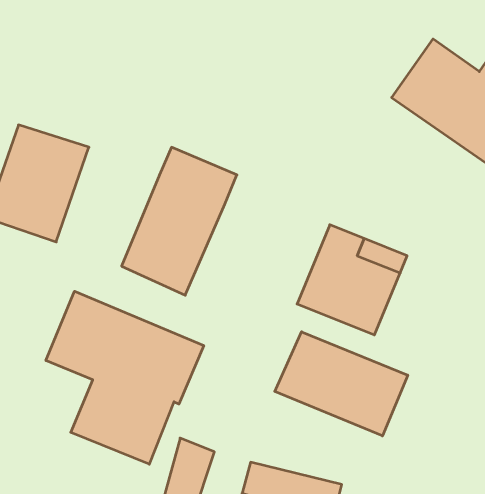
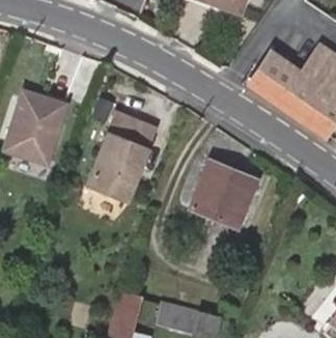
building: [46,291,204,464] -> none
building: [275,332,408,436] -> none

